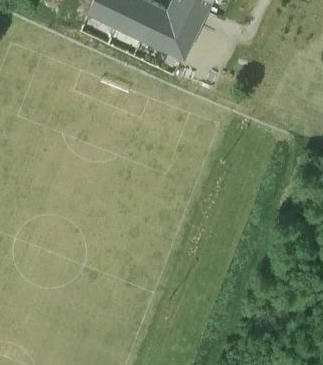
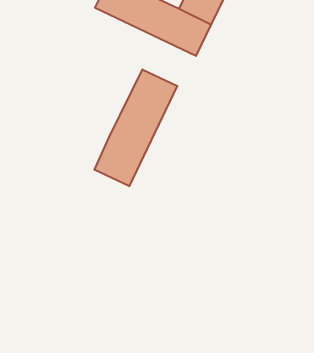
building: none -> [94,69,177,186]

